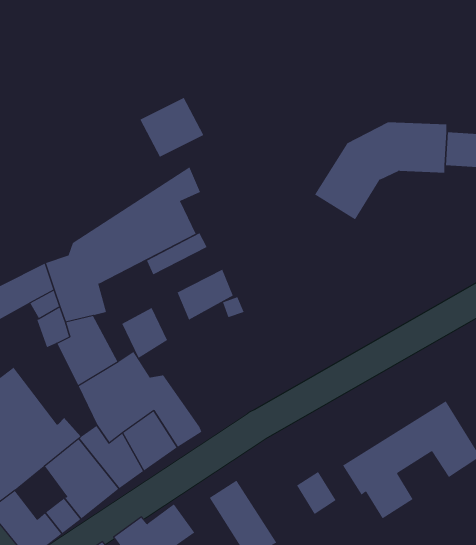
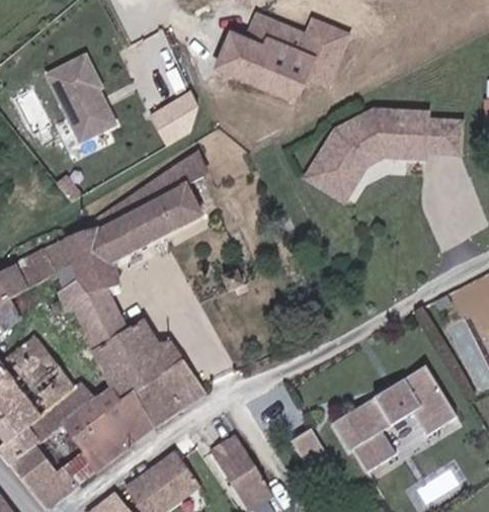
building: none -> [209,8,353,102]
building: none -> [46,50,117,142]
building: [177,269,233,321] -> none
building: [121,307,168,359] -> none

